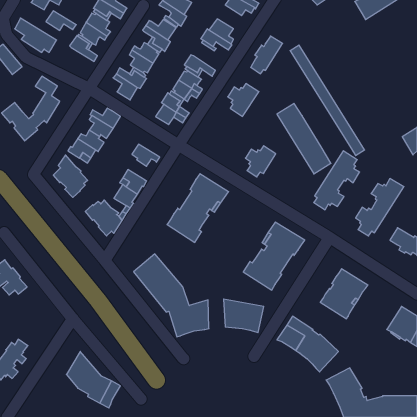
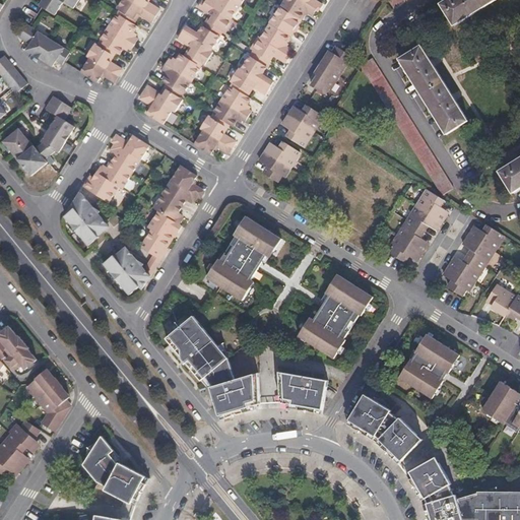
building: none -> [268,6,300,36]
building: [46,11,76,30] -> [79,59,117,83]
building: none -> [240,55,271,87]
building: [277,103,331,174] -> [399,45,466,132]
building: none -> [172,165,203,197]
building: [245,146,276,177] -> [260,140,298,179]
building: none -> [153,196,183,223]
building: none -> [24,368,68,431]

